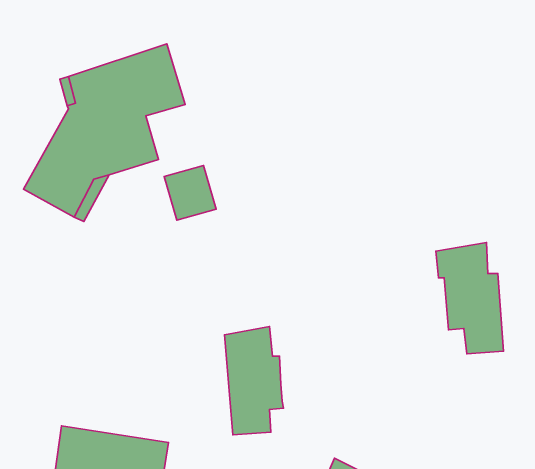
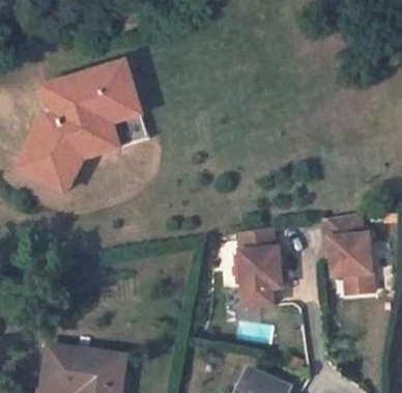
building: [164,165,216,220] -> [109,109,147,149]
building: [225,327,284,435] -> [236,225,280,305]

